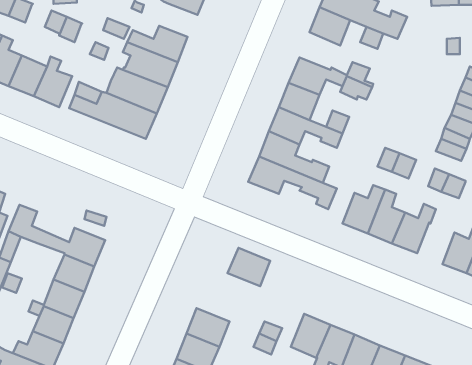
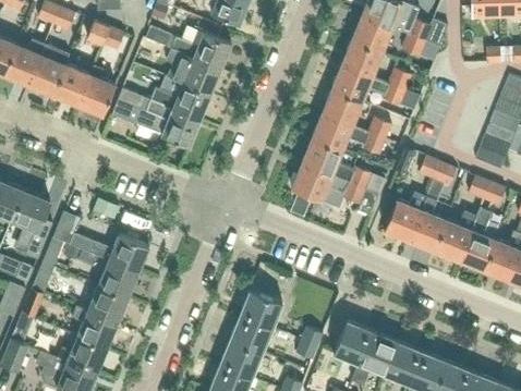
building: none -> [341,41,381,78]
building: none -> [458,209,495,271]
building: [227,248,270,286] -> [239,290,281,328]

